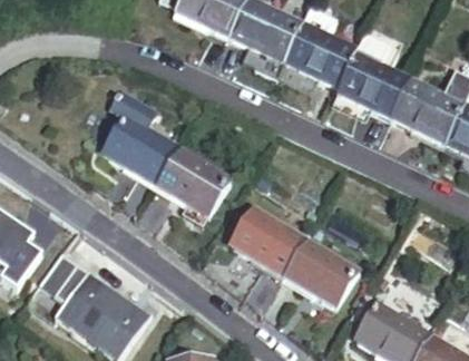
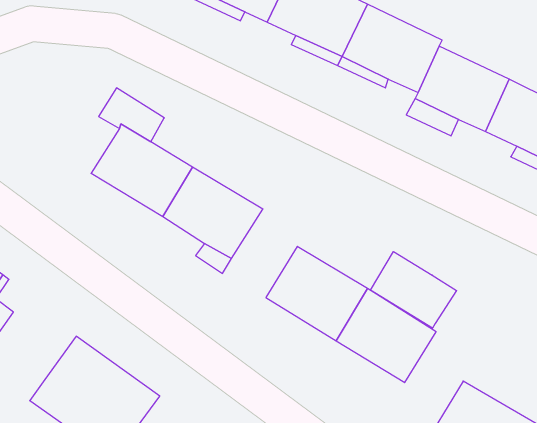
building: none -> [370,252,457,328]
building: [40,253,88,303] -> none

